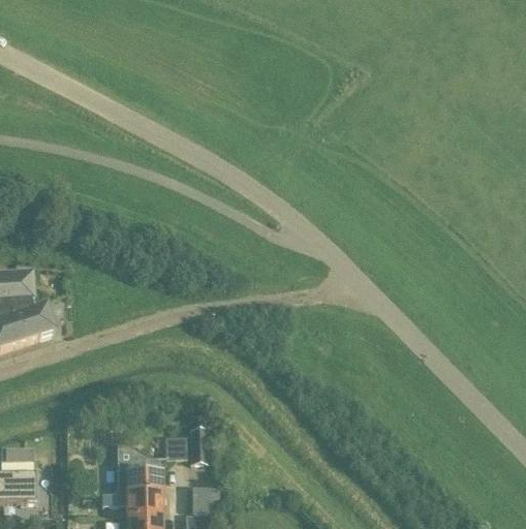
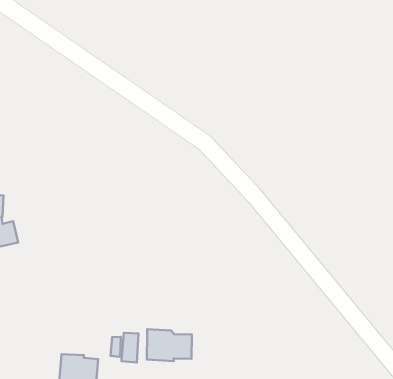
building: none -> [147,329,192,361]

